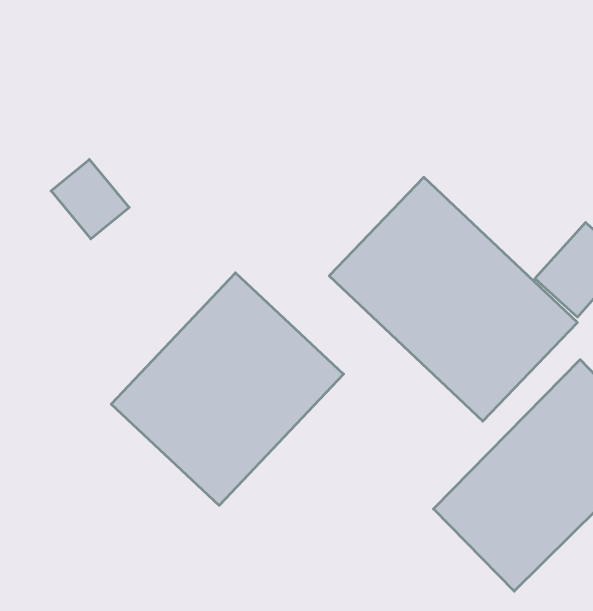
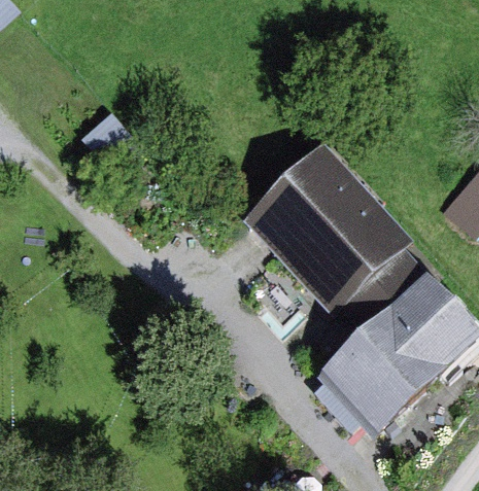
building: [111,273,344,505] -> none

